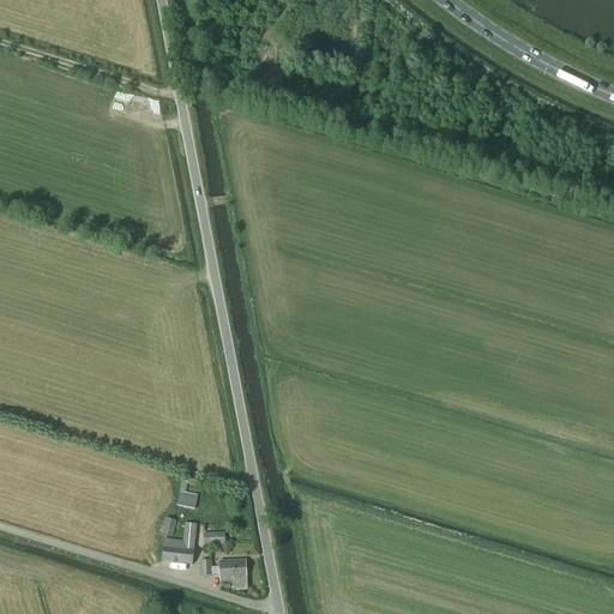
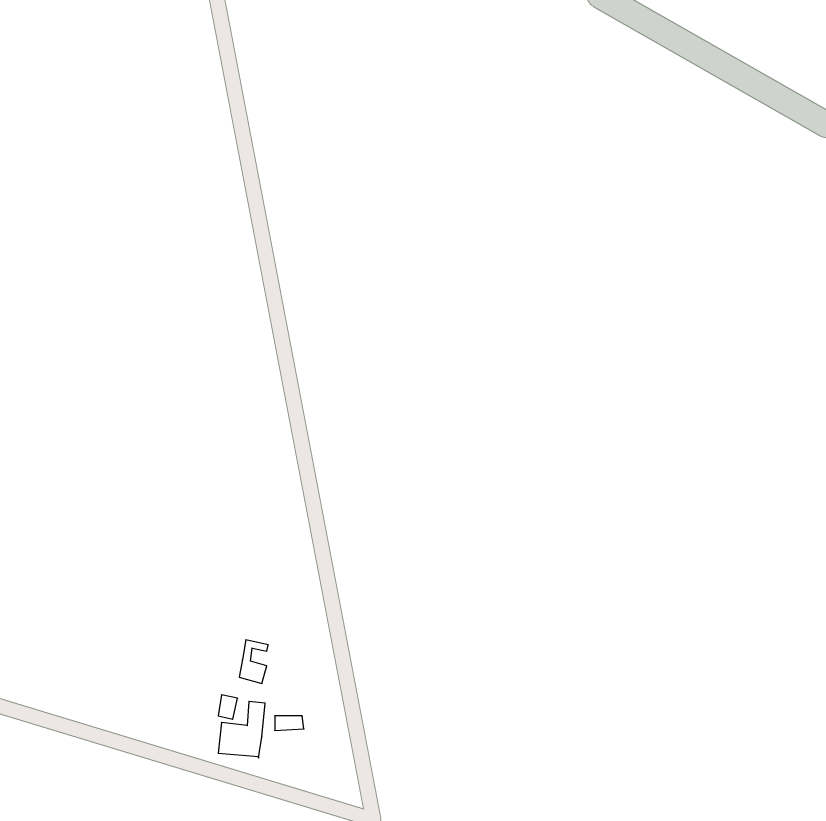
building: [201,558,246,588] -> none

